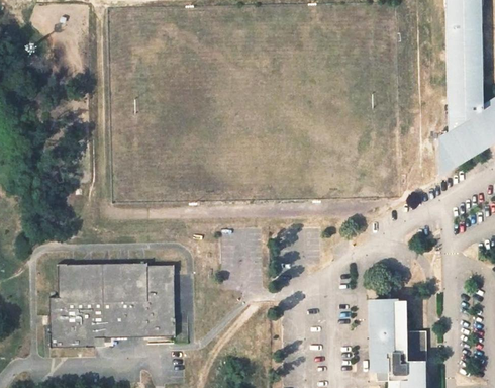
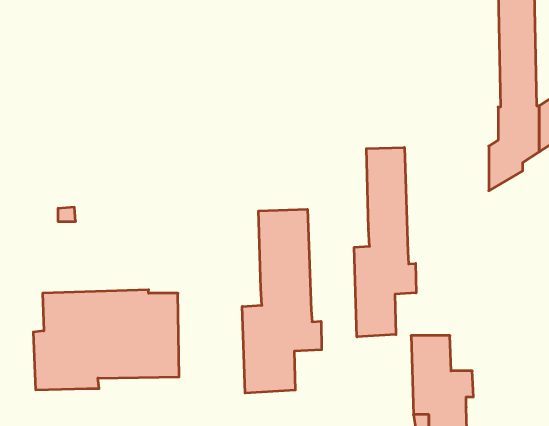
building: none -> [354,147,416,337]
building: none -> [242,209,322,393]

